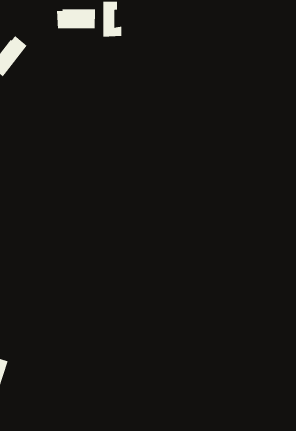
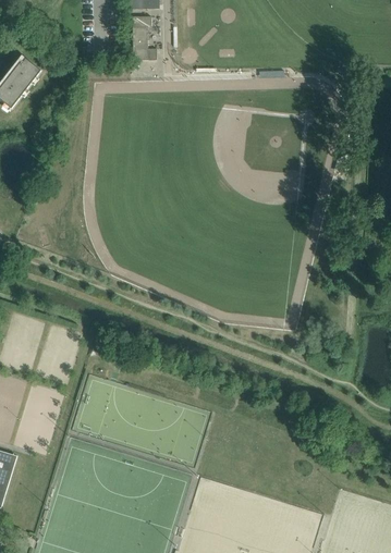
building: [57,9,95,29] -> none

